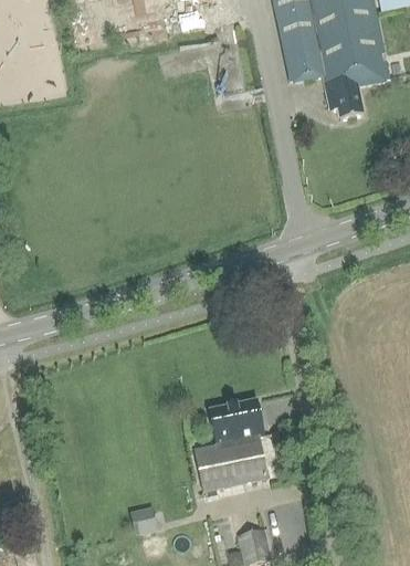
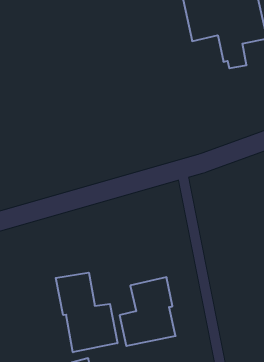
building: none -> [56,273,117,352]

